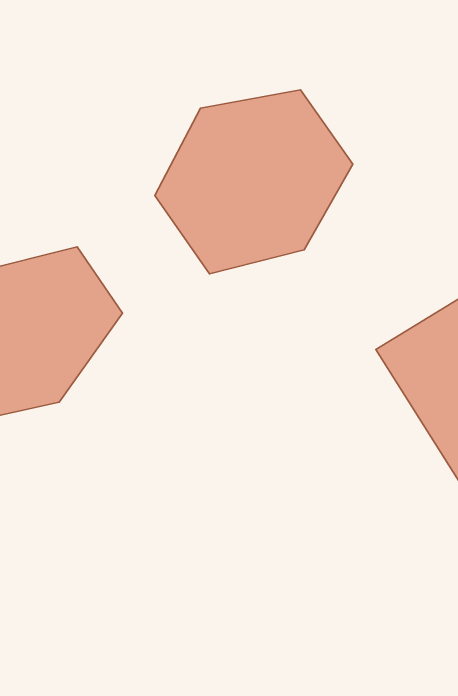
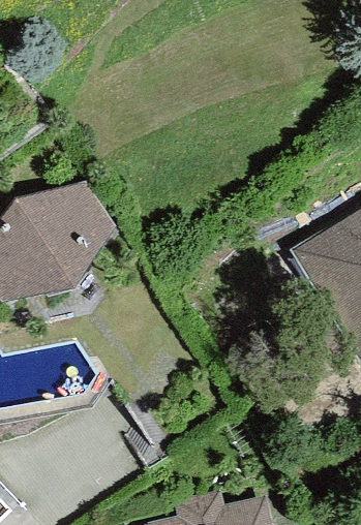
building: [155,90,353,274] -> none

